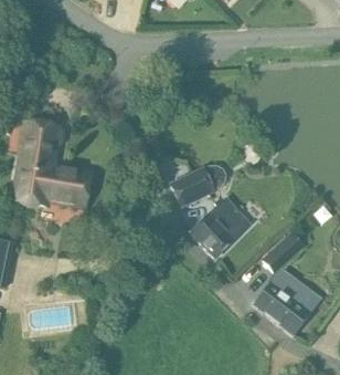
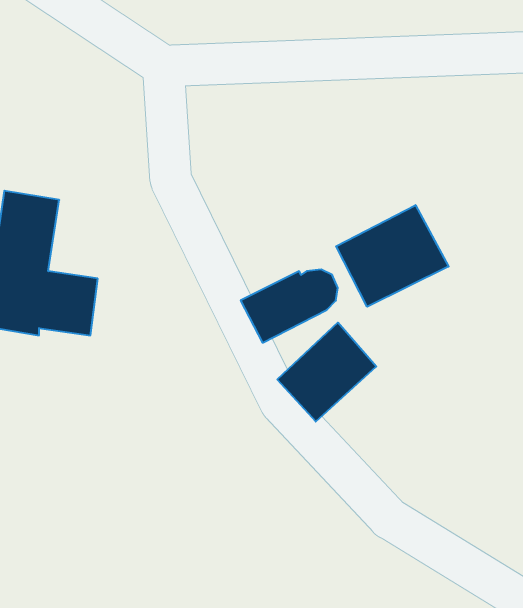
building: none -> [336,205,449,307]
building: [254,231,322,333] -> none

